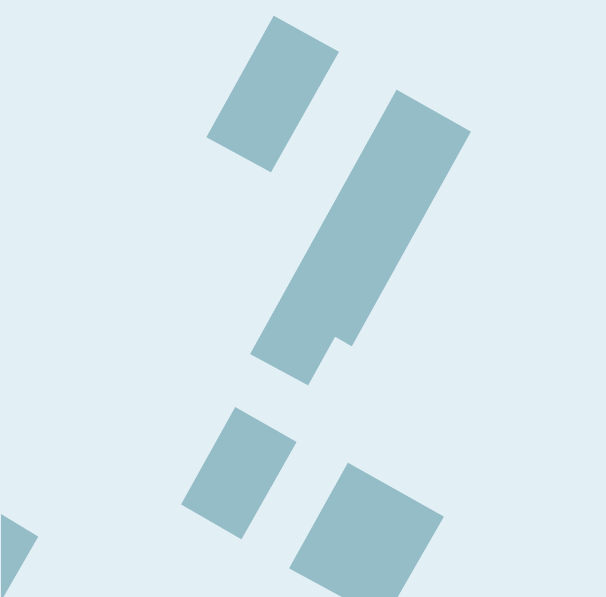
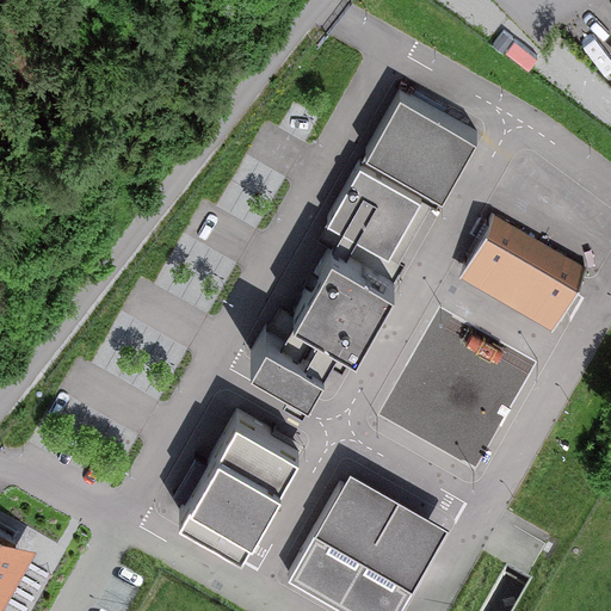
building: [206,15,340,173] -> none
building: none -> [453,218,591,333]

